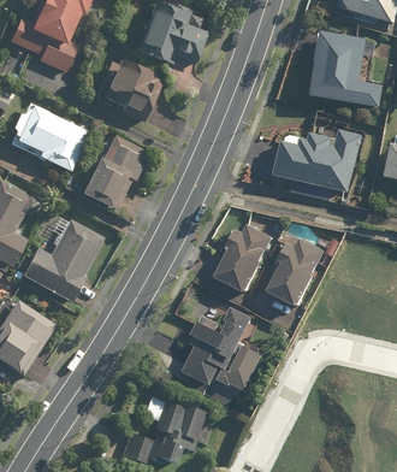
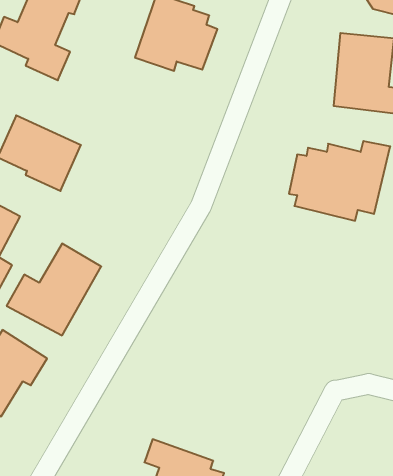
building: [97,57,162,123] -> none
building: [81,132,147,210] -> none
building: [215,225,272,293] -> none
building: [268,237,325,305] -> none
building: [183,305,263,406] -> none

